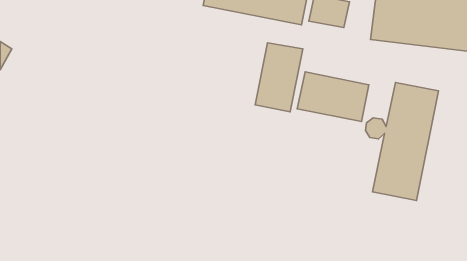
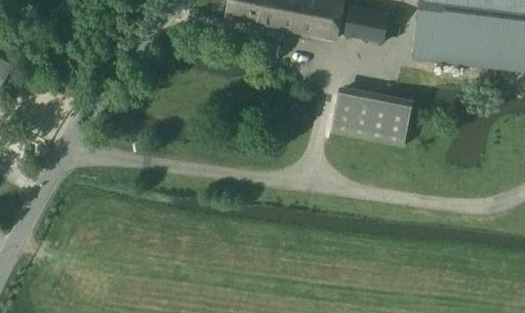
building: [255,43,303,112] -> none
building: [366,83,438,200] -> none

